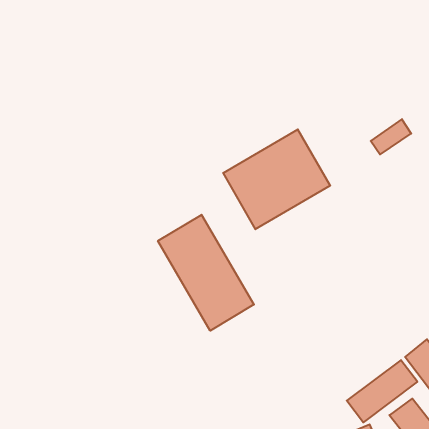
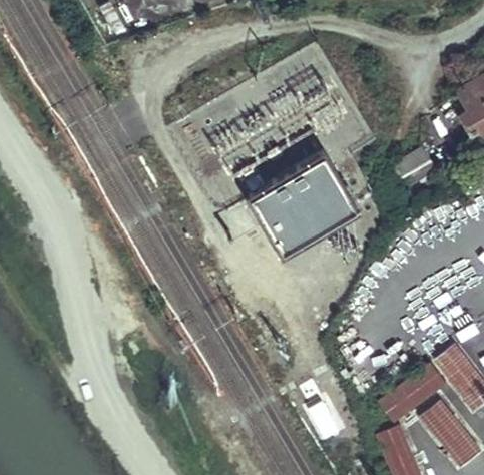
building: [158,215,254,331] -> none

